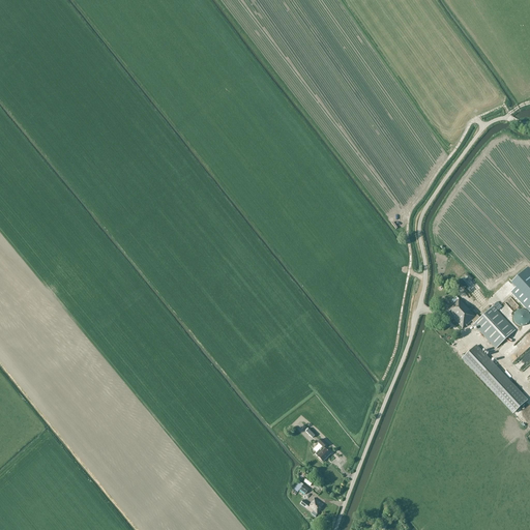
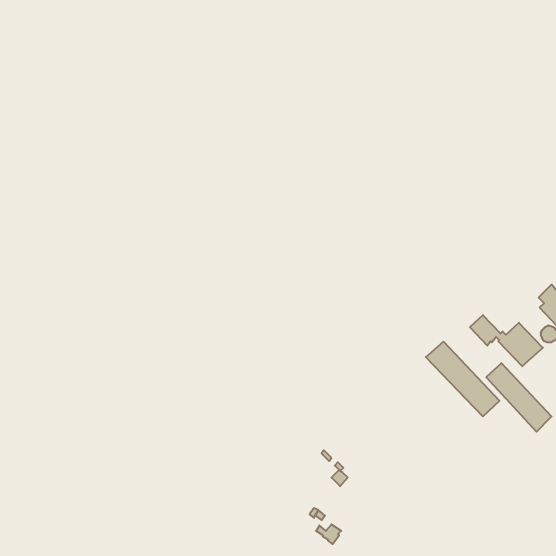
building: none -> [426,342,499,416]

